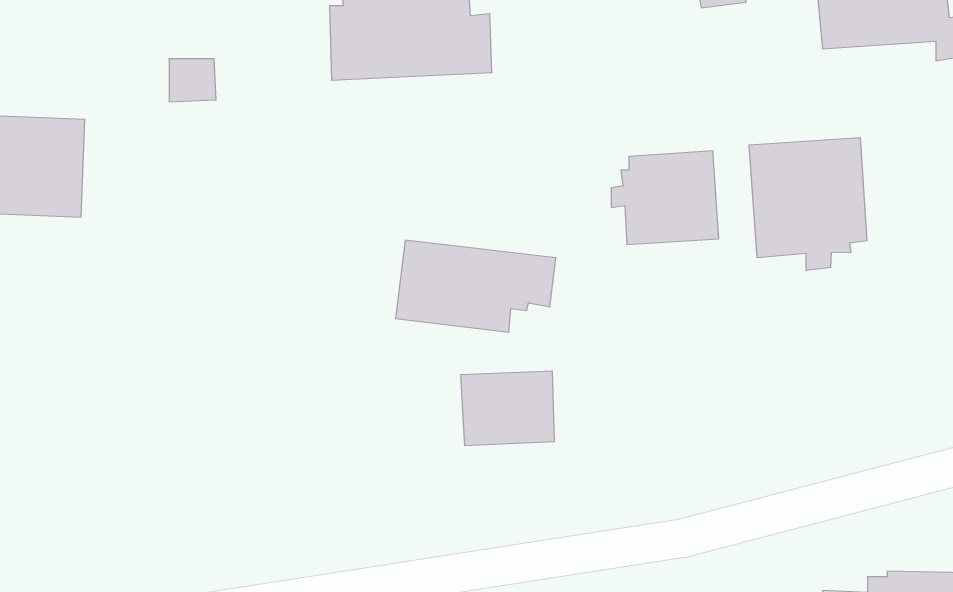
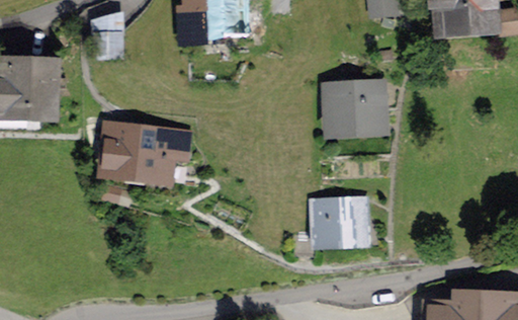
building: [749,138,867,271] -> none
building: [395,240,556,332] -> [106,130,189,177]
building: [461,371,554,445] -> [316,203,364,241]

